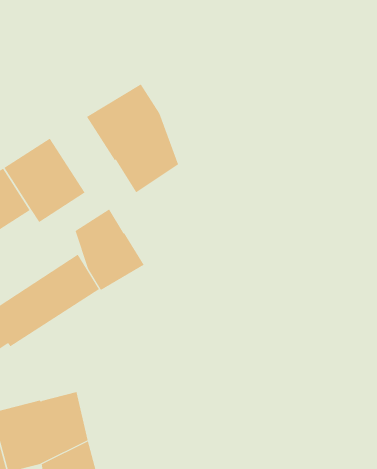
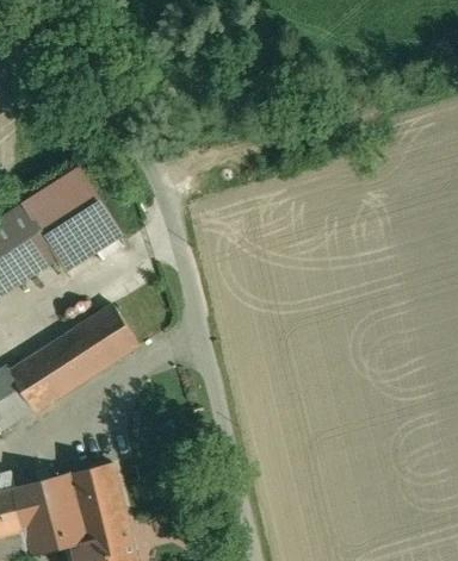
building: [86,83,179,193] -> none
building: [75,209,145,291] -> none

